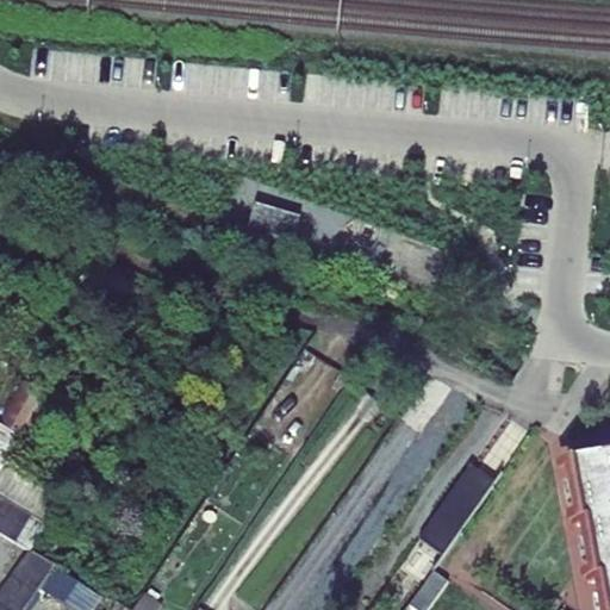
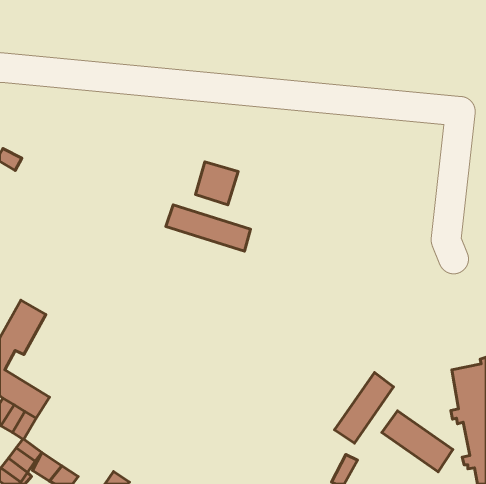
building: none -> [166,205,250,251]
building: none -> [382,411,453,472]

